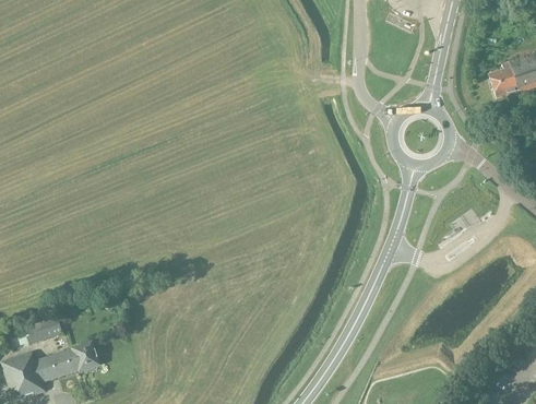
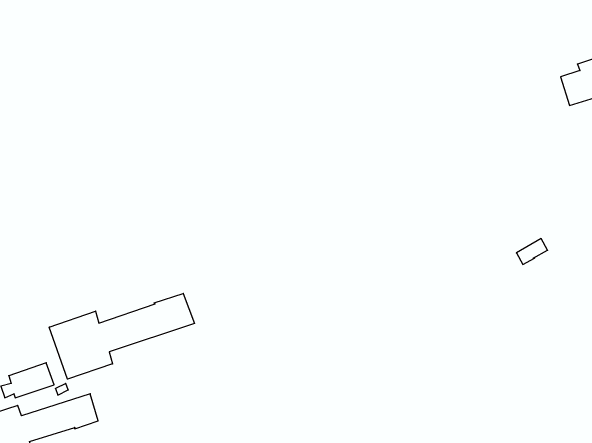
building: none -> [49,293,194,379]

